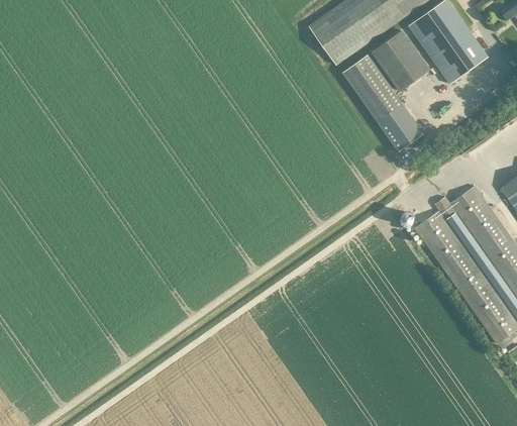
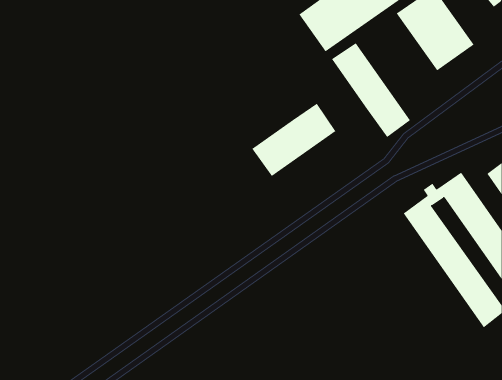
building: [372,31,429,91] -> none
building: none -> [252,103,336,177]

